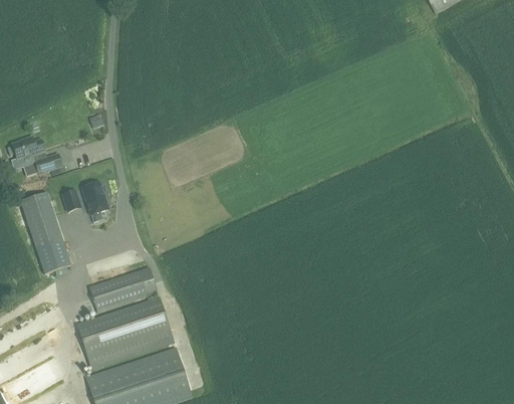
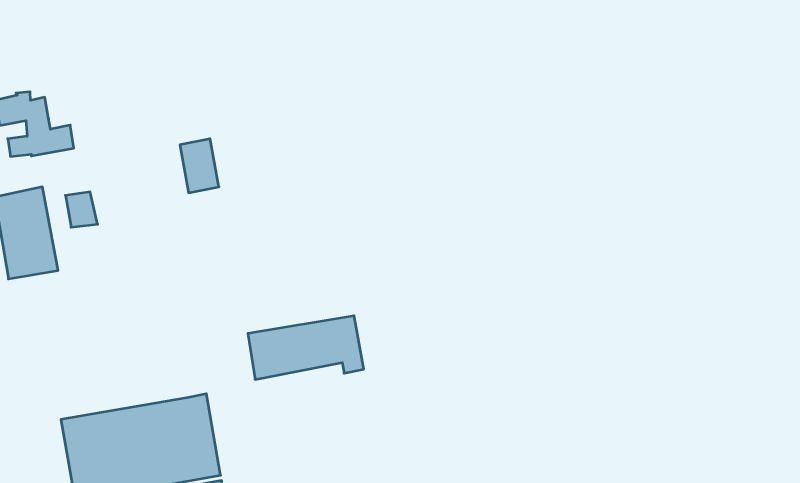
building: [81,181,107,214] -> [180,139,219,193]
building: [34,237,70,272] -> none
building: [88,266,159,312] -> [248,316,364,379]

